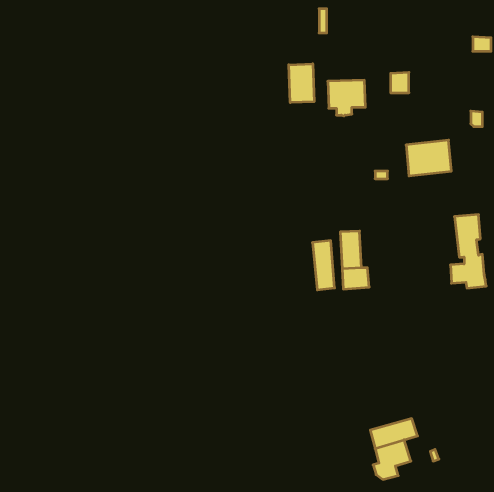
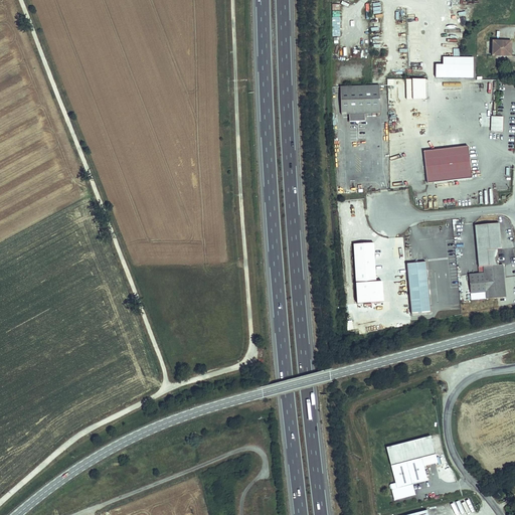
building: none -> [436,54,474,75]
building: [289,64,314,103] -> none
building: [312,241,335,290] -> [407,260,431,311]

